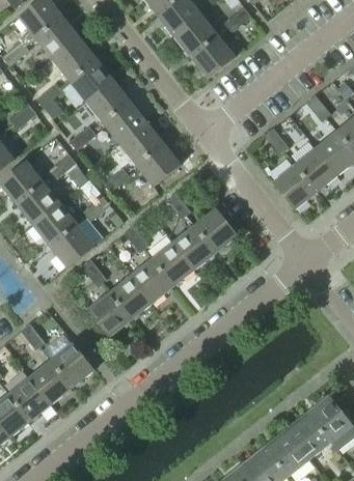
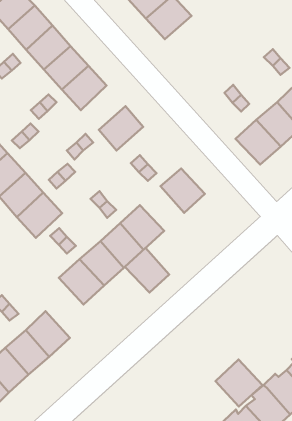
building: [119,120,164,164] -> none
building: [172,224,216,268] -> [125,248,169,293]
building: none -> [216,360,263,407]

